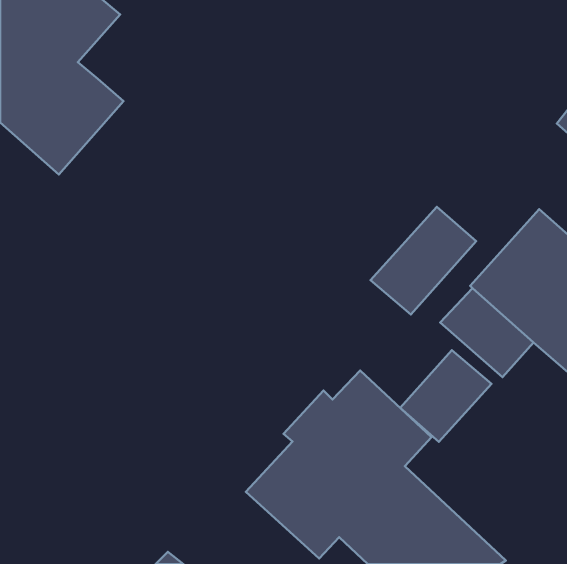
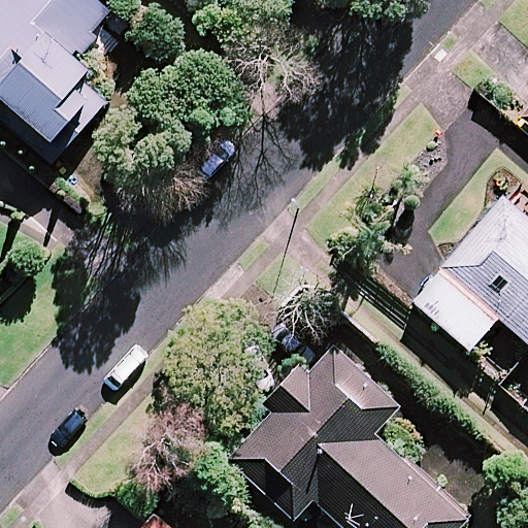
building: [370,207,476,315] -> none
building: [400,350,491,442] -> none

